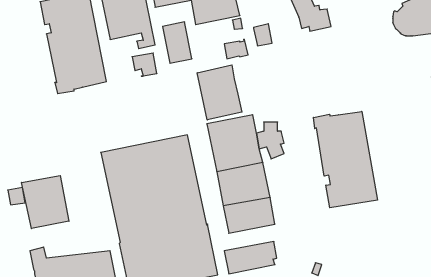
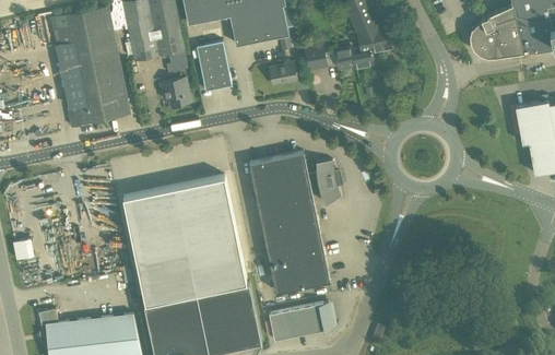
building: none -> [334,47,374,69]
building: [197,65,242,120] -> none
building: [313,111,377,208] -> none
building: [22,176,69,229] -> none

